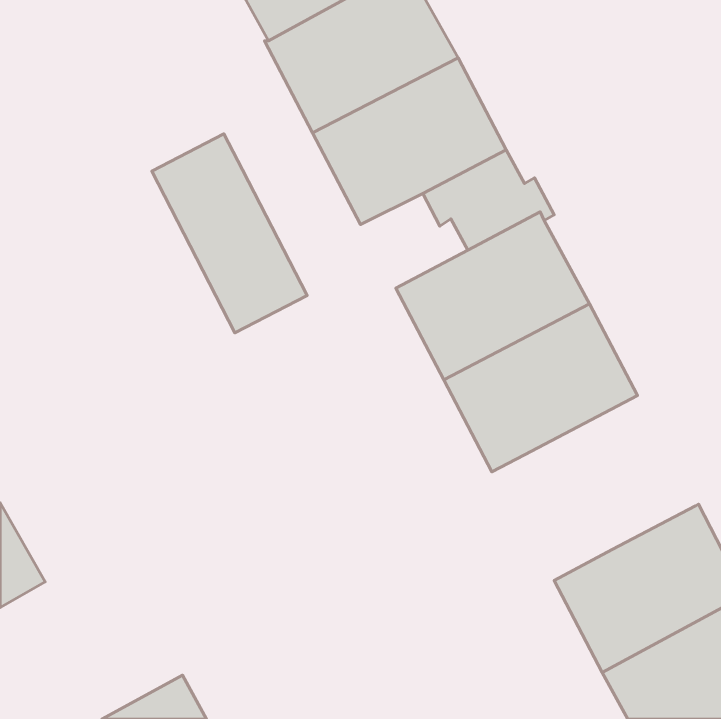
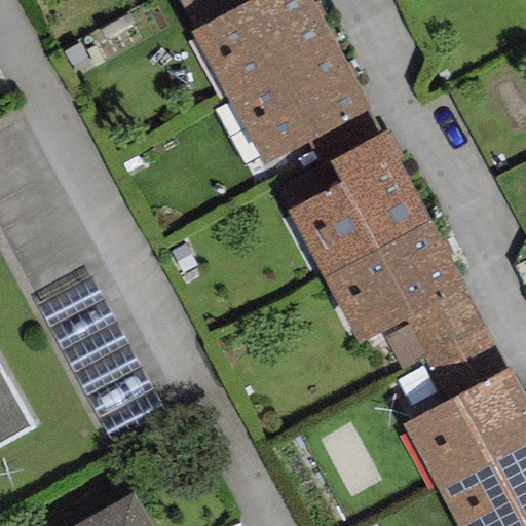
building: [152,134,307,333] -> none
building: none -> [38,277,165,439]
building: none -> [382,288,506,400]

